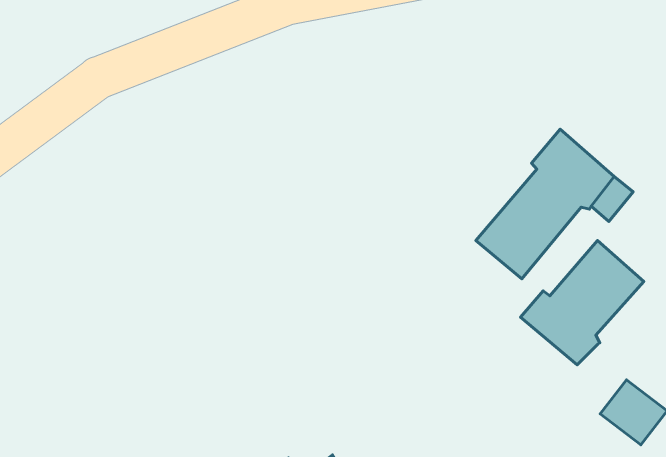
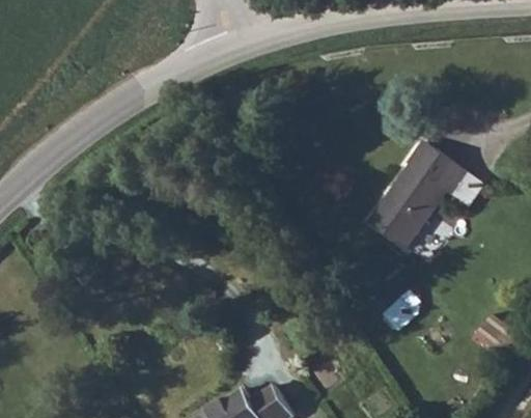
building: [521,241,644,365] -> none

